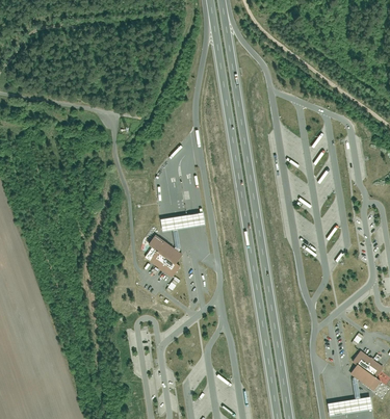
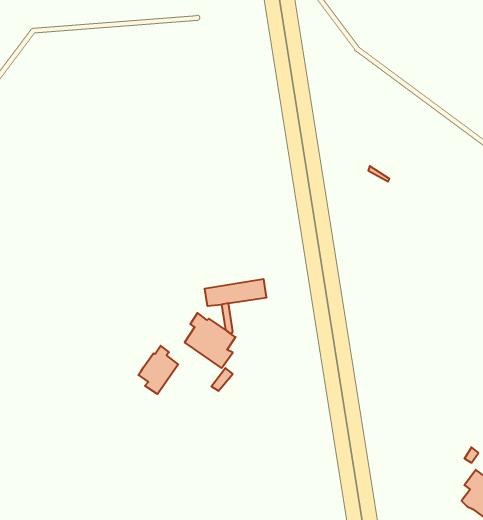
building: none -> [138,346,178,394]

